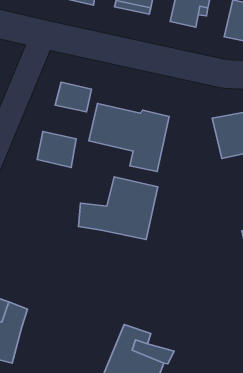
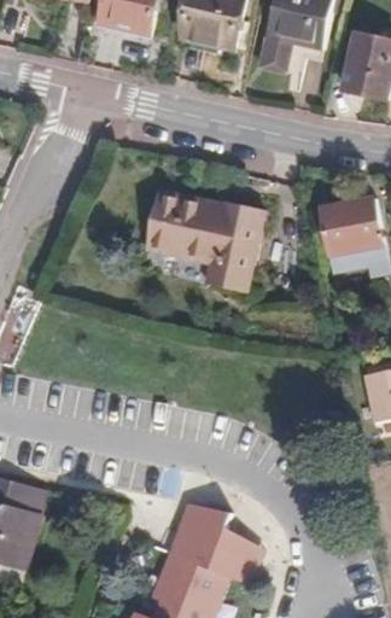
building: [55,82,91,112] -> none
building: [37,132,76,167] -> none
building: [79,177,158,240] -> none

